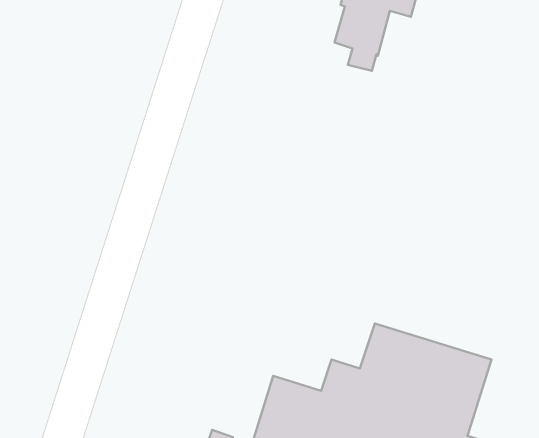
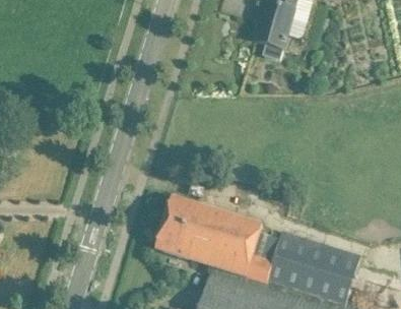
building: none -> [155,195,262,275]

